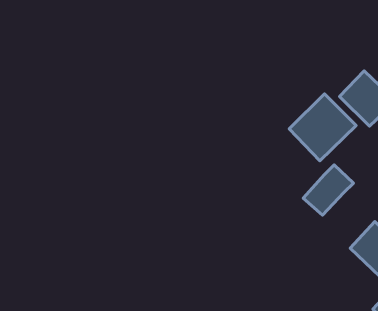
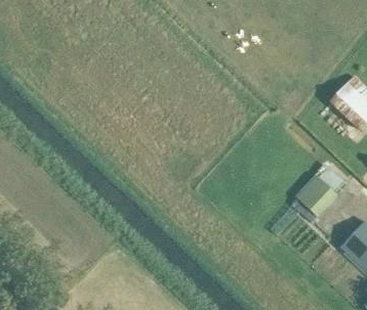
building: [289,94,356,161] -> none

